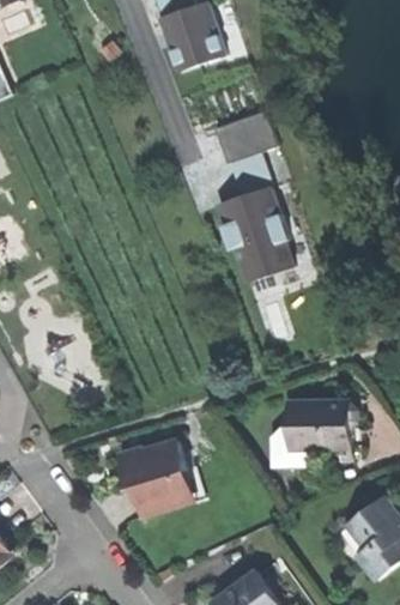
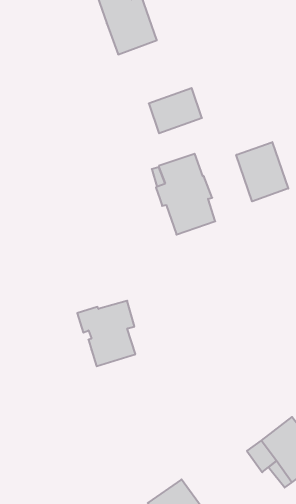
building: none -> [236,142,288,201]
building: [287,400,357,448] -> none
building: [119,440,187,516] -> [77,301,135,366]

